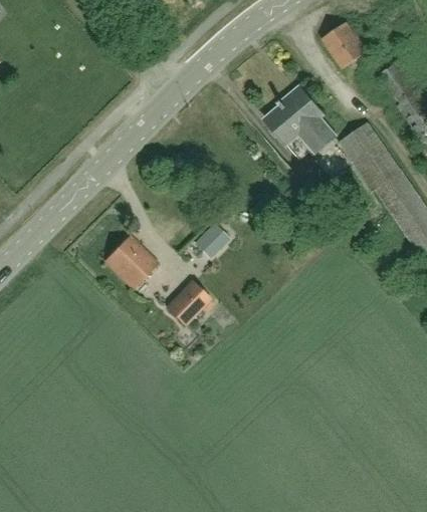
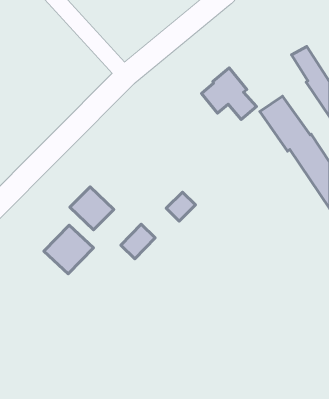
building: [321,22,366,68] -> none
building: [193,222,229,258] -> [166,192,196,221]
building: none -> [44,225,94,274]

